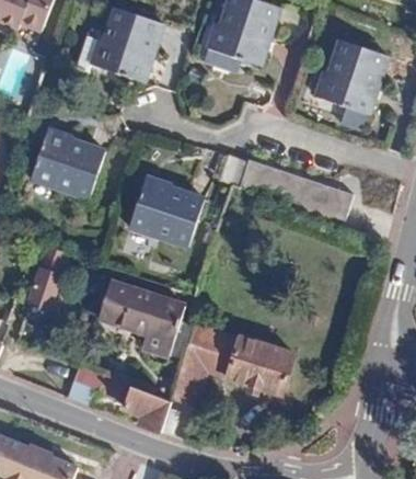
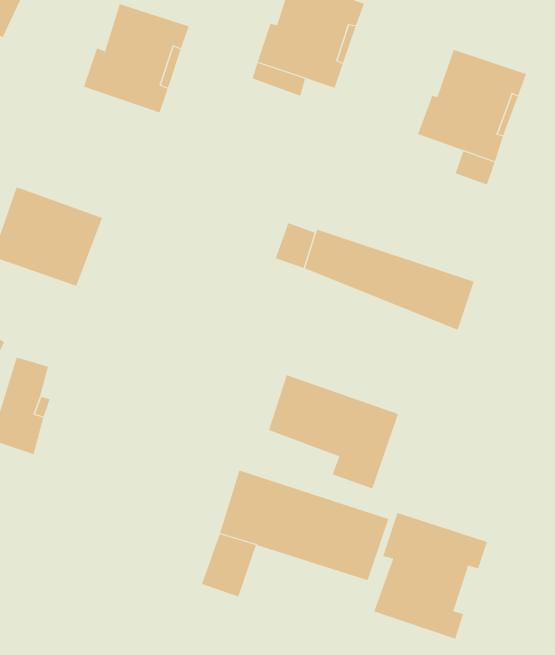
building: [129,179,203,246] -> none
building: [97,278,185,355] -> [268,375,399,489]
building: none -> [374,512,488,640]
building: [67,364,170,433] -> none

